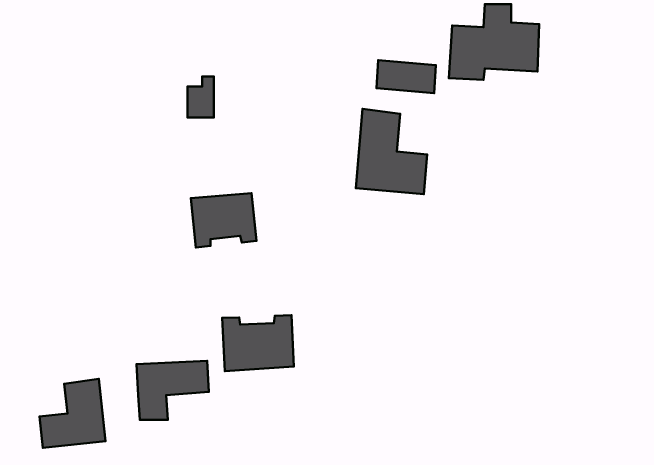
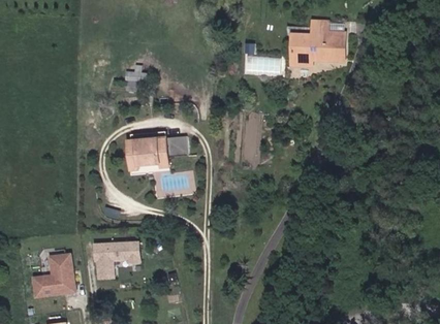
building: [356,109,427,194] -> none
building: none -> [166,135,188,155]
building: [222,315,294,371] -> none

